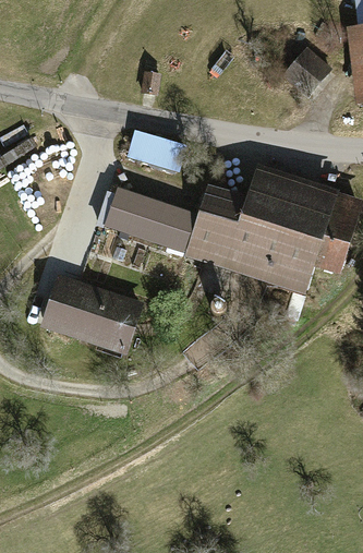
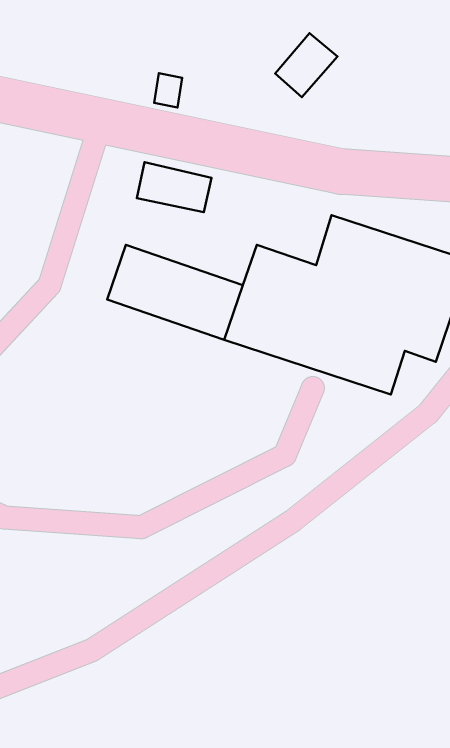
building: [282,47,326,92] -> [275,33,338,97]
building: [40,272,136,350] -> none

